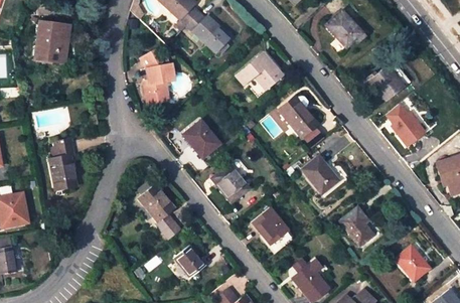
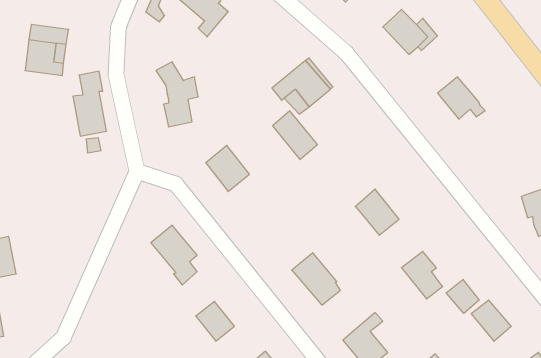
building: [187,12,232,53] -> none
building: [279,96,315,135] -> [273,111,317,160]
building: [390,111,424,144] -> none
building: [51,140,79,192] -> [73,71,107,136]
building: [209,162,247,200] -> none
building: none -> [446,279,479,313]

